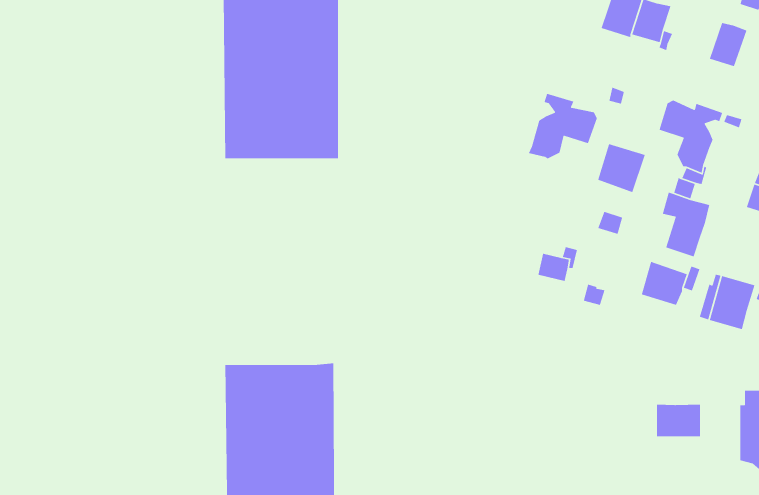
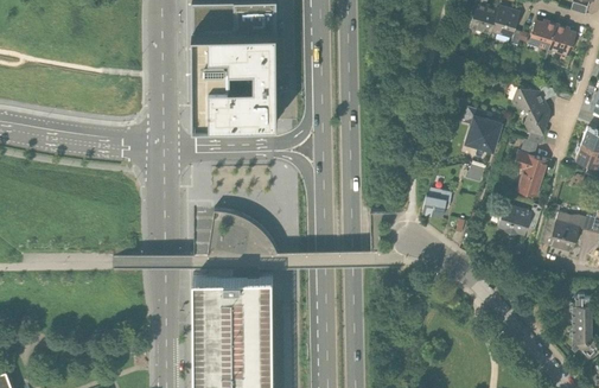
building: none -> [528,19,557,53]
building: [528,93,598,160] -> none
building: [656,404,701,437] -> none

